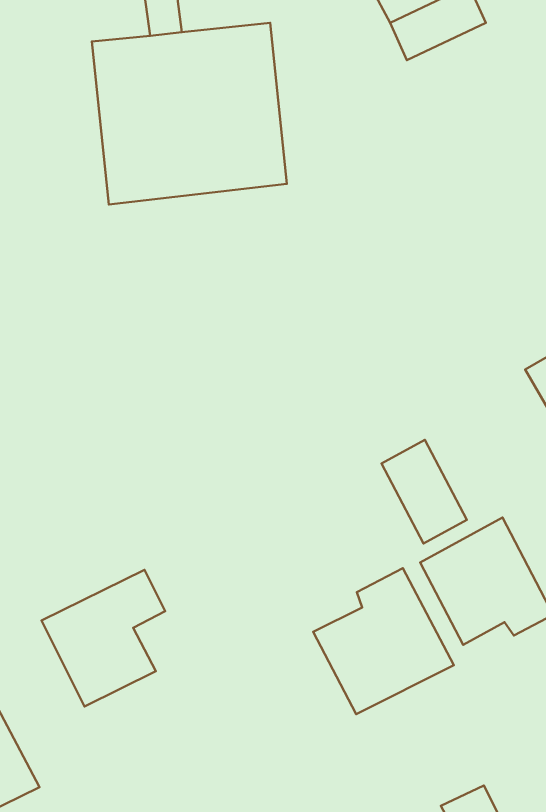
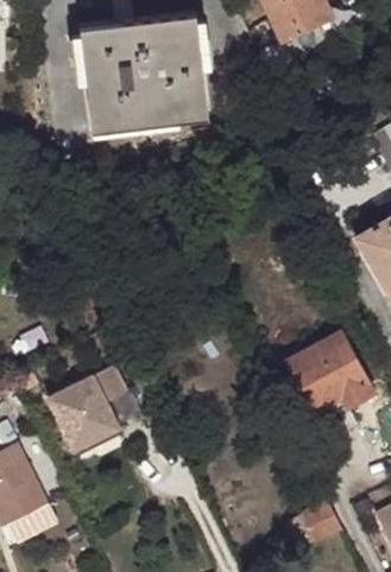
building: [382,440,467,544] -> none
building: [313,568,454,714] -> none

